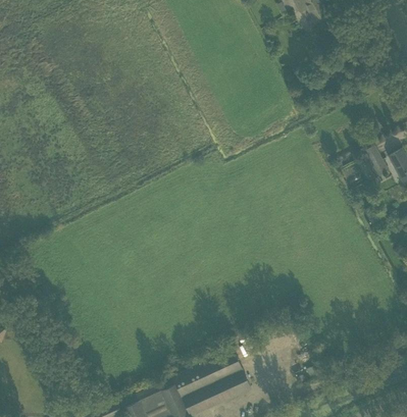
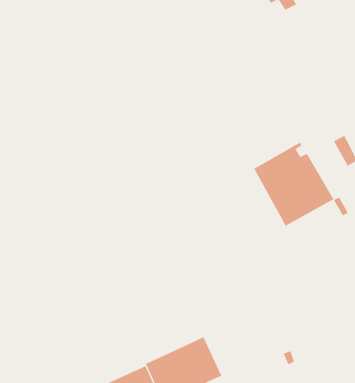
building: none -> [253,142,334,227]

